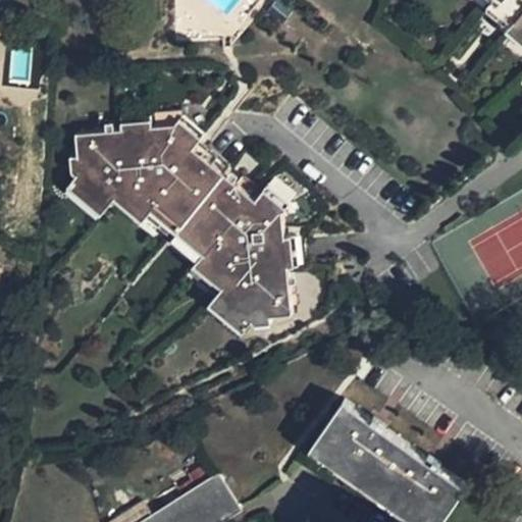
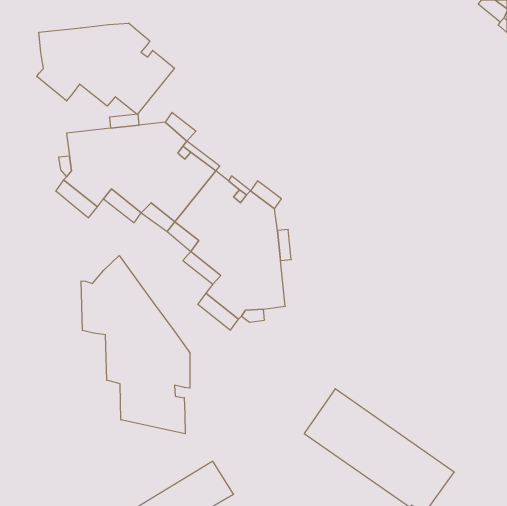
building: none -> [37,23,174,114]
building: none -> [81,256,190,434]

